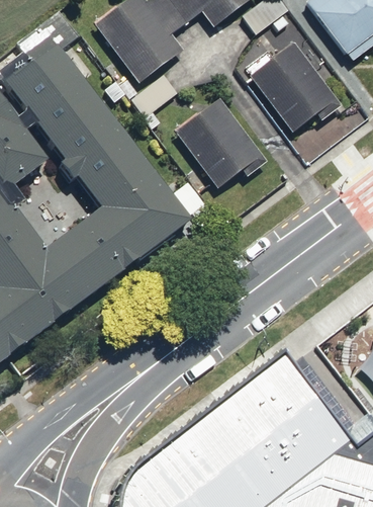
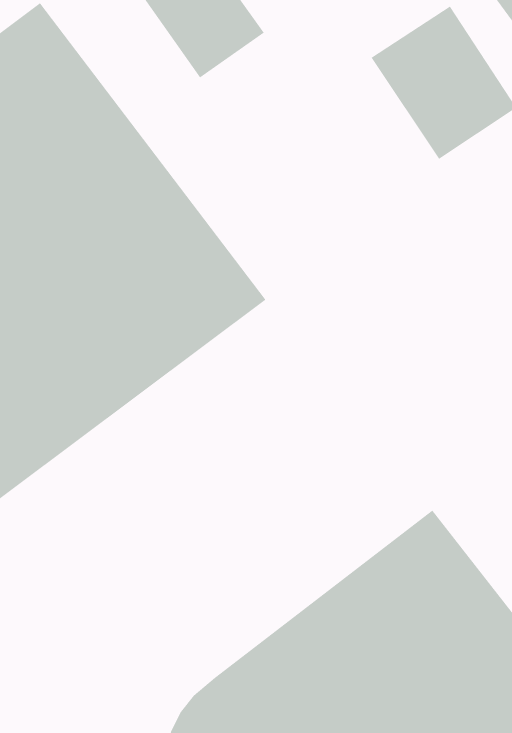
building: [177,98,264,189] -> none

